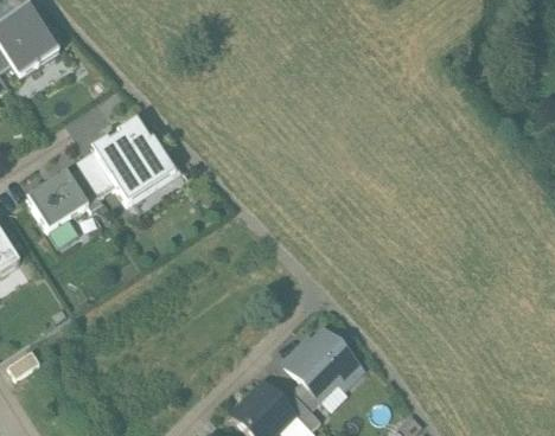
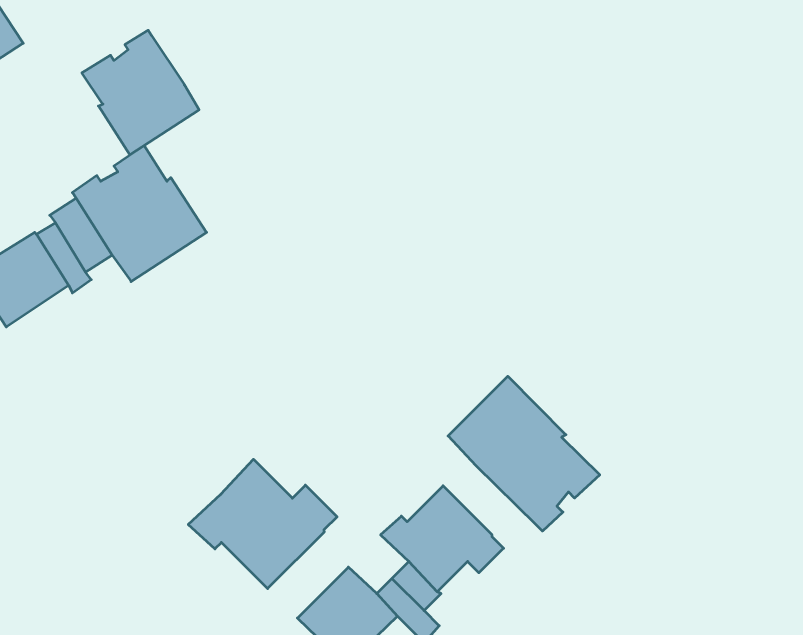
building: none -> [82,30,199,155]
building: none -> [448,376,600,531]
building: none -> [188,459,337,589]

